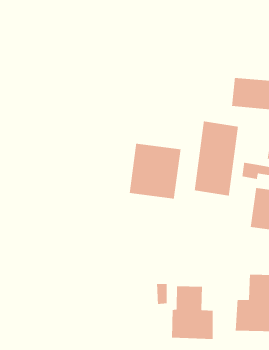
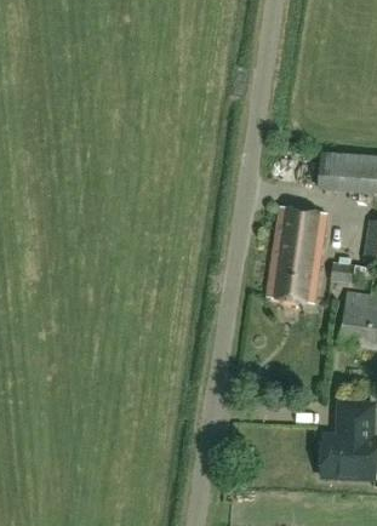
building: [129,143,181,199] -> none
building: [171,286,214,340] -> none

